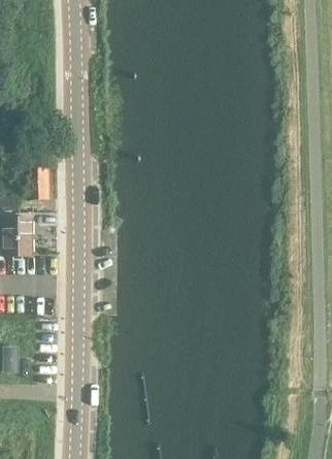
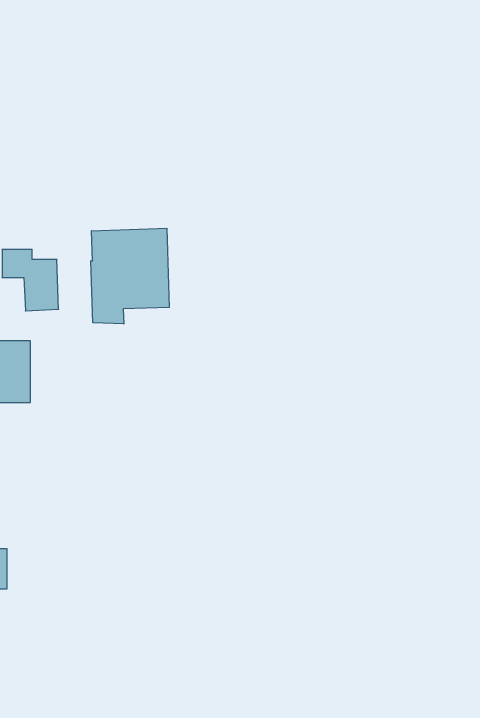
building: none -> [91,228,169,324]

